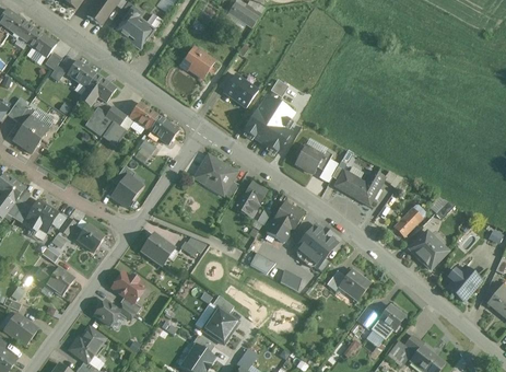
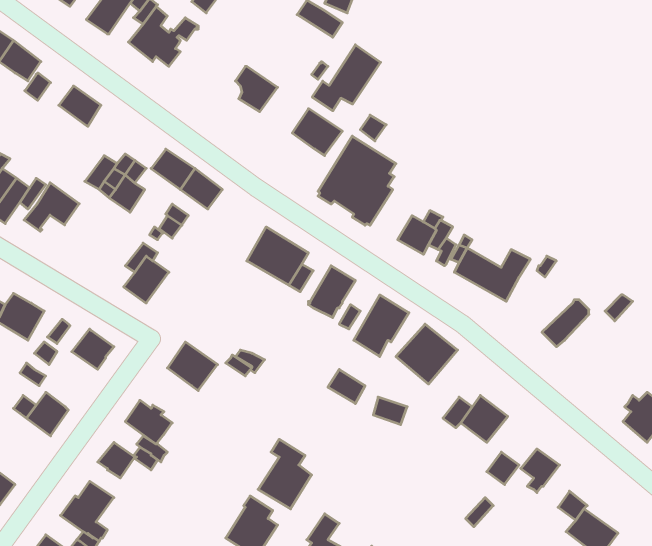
building: none -> [312,45,381,111]
building: [78,72,115,105] -> [24,183,79,231]
building: [410,230,445,267] -> none

